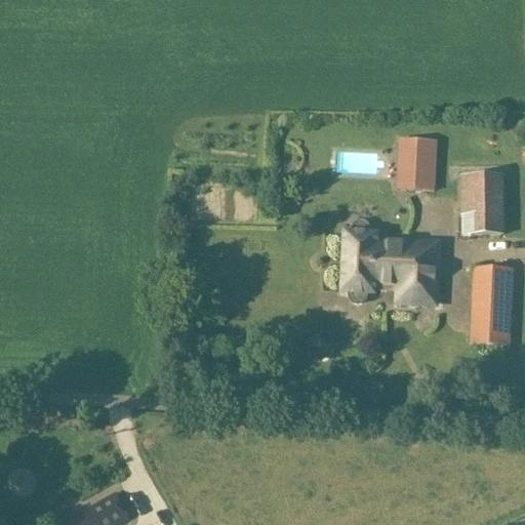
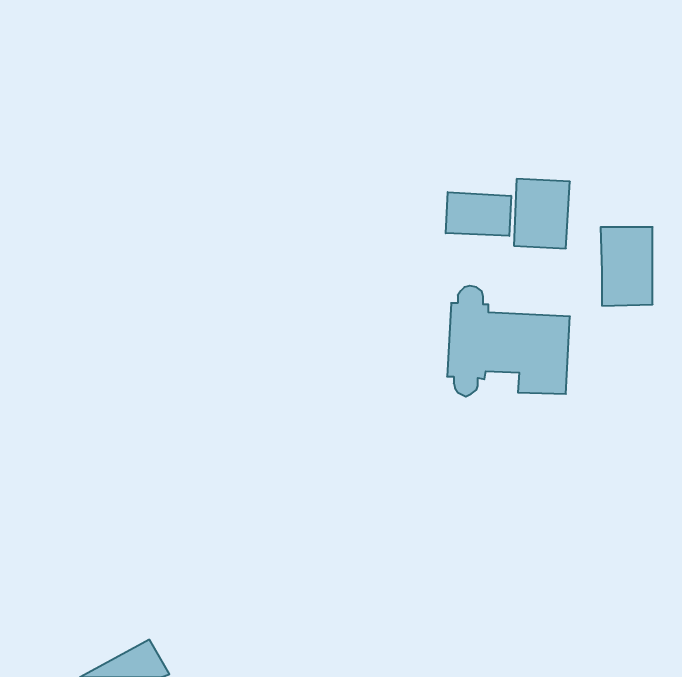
building: none -> [446,192,511,236]
building: [470,267,511,346] -> none

